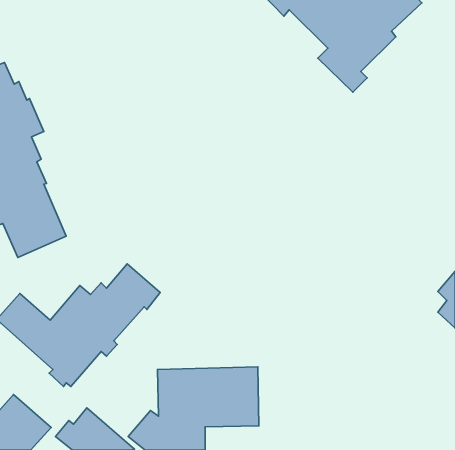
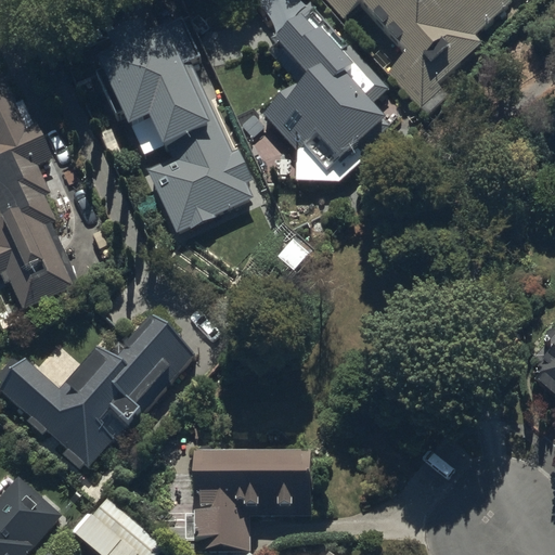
building: none -> [90,9,251,231]
building: none -> [260,9,389,183]

